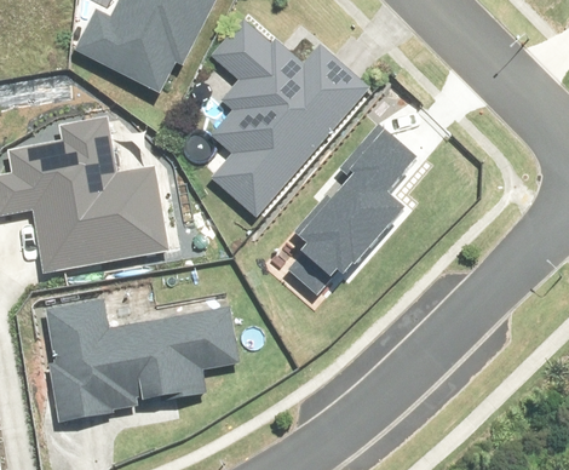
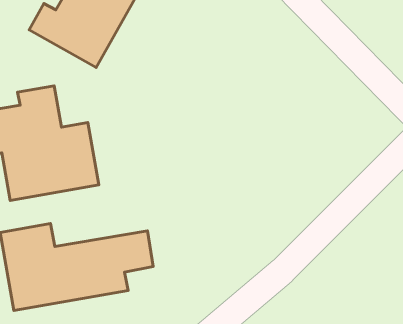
building: [214,21,368,213] -> none
building: [295,130,415,279] -> none

